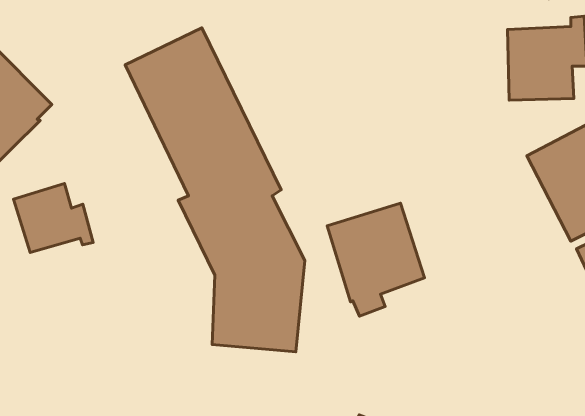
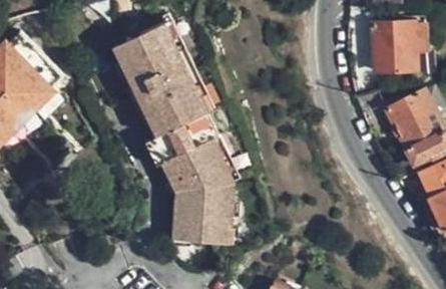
building: [14,184,93,253] -> none
building: [327,203,424,316] -> none

